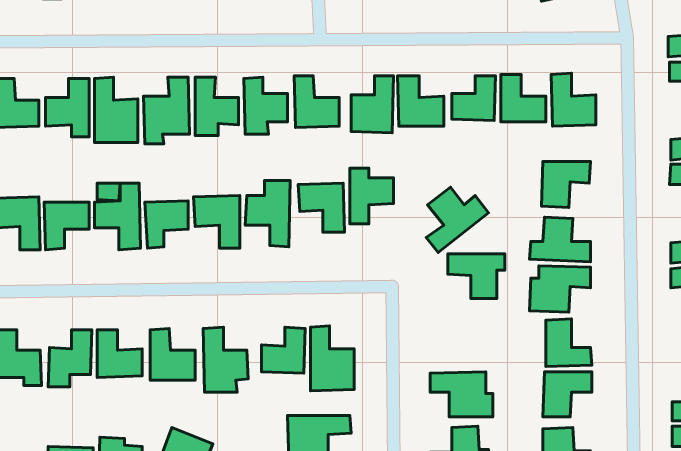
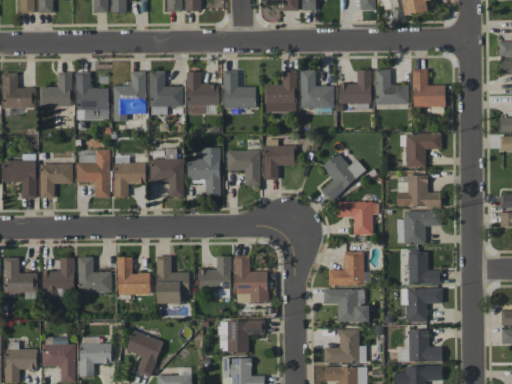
building: none -> [328,251,363,285]

